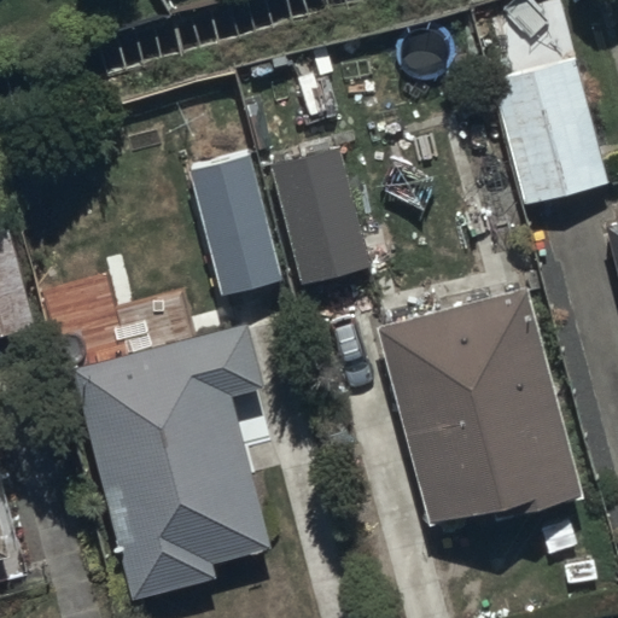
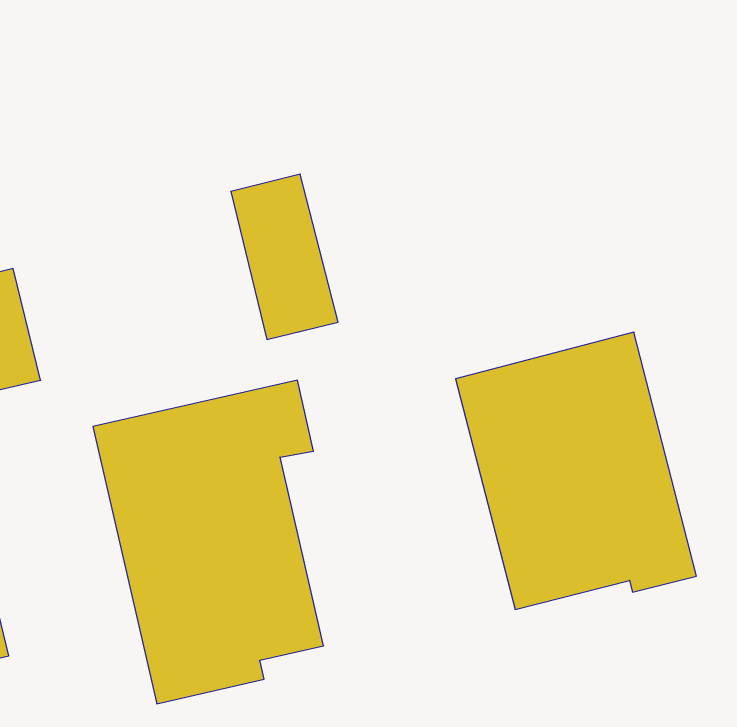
building: [489,59,607,206] -> none
building: [272,162,368,286] -> none

